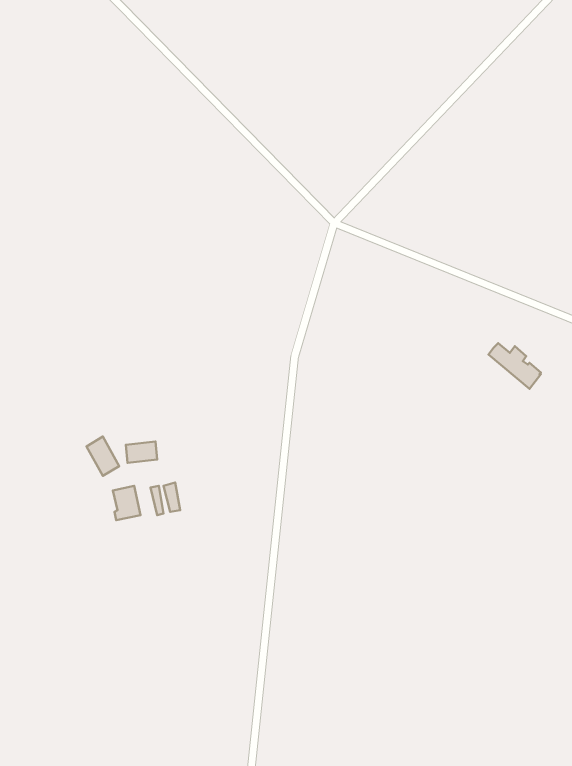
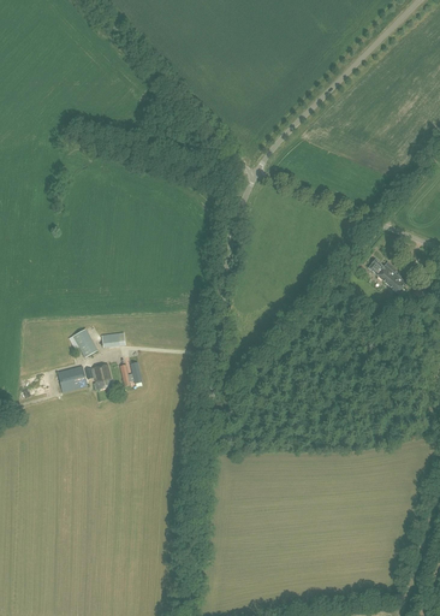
building: none -> [57,365,87,391]

